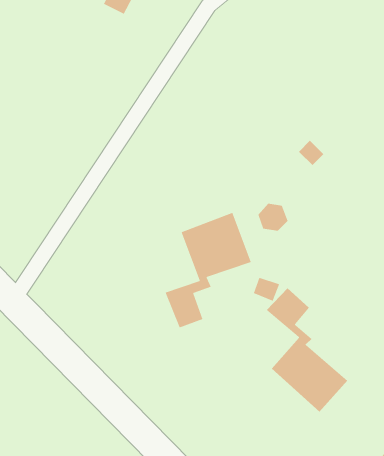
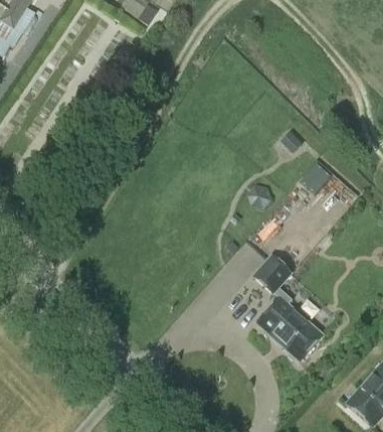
building: [165,212,252,328] -> none

